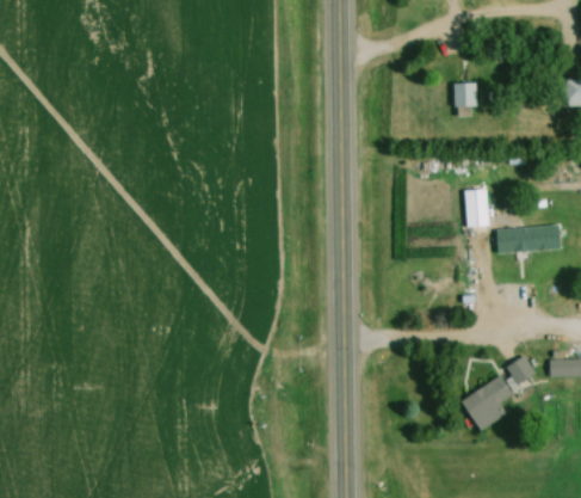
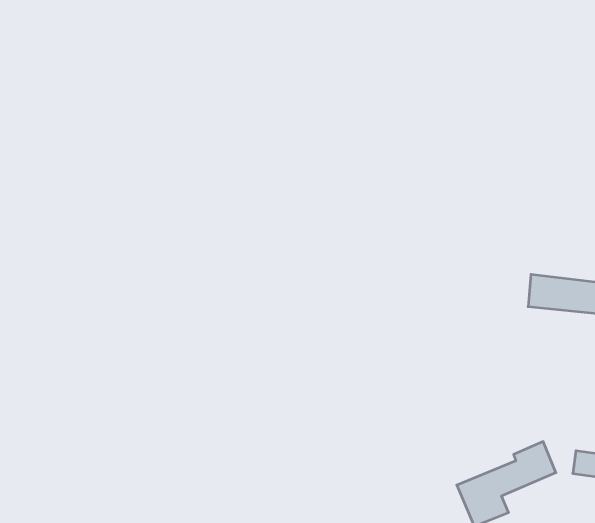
building: [455,81,476,107] -> none
building: [465,189,487,226] -> none

